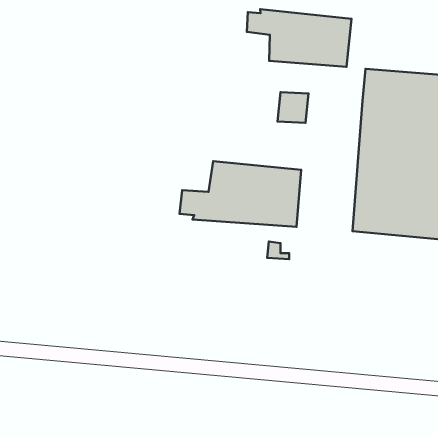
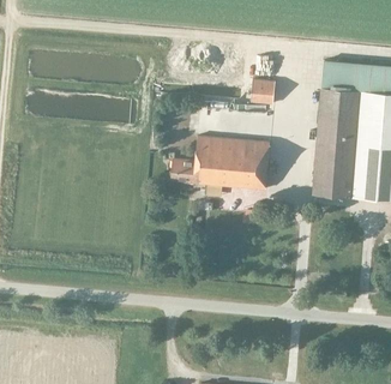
building: [247,9,351,67] -> none

